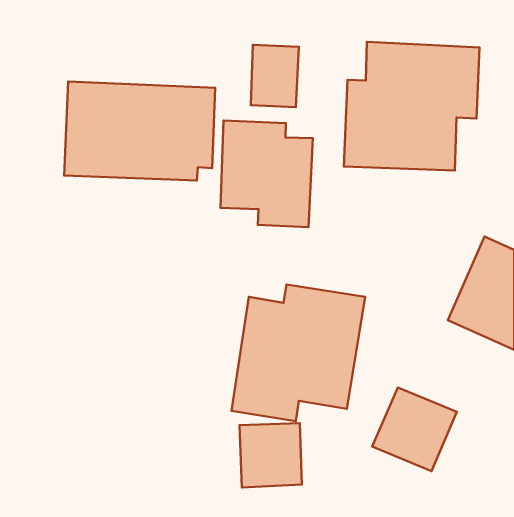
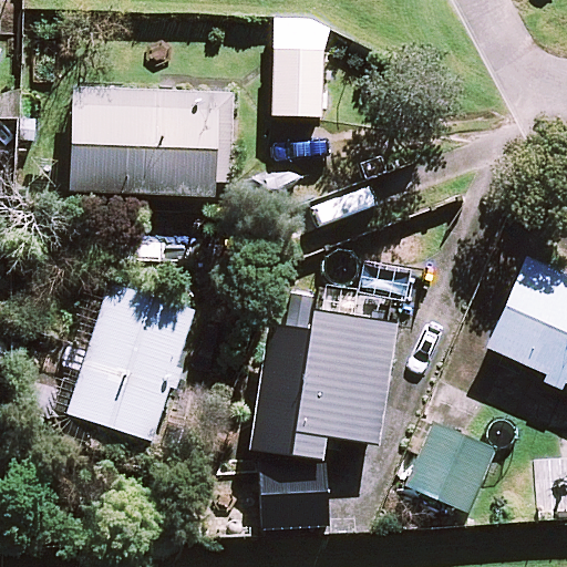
building: [344,42,480,170] -> none
building: [220,121,313,227] -> none
building: none -> [66,281,195,439]

